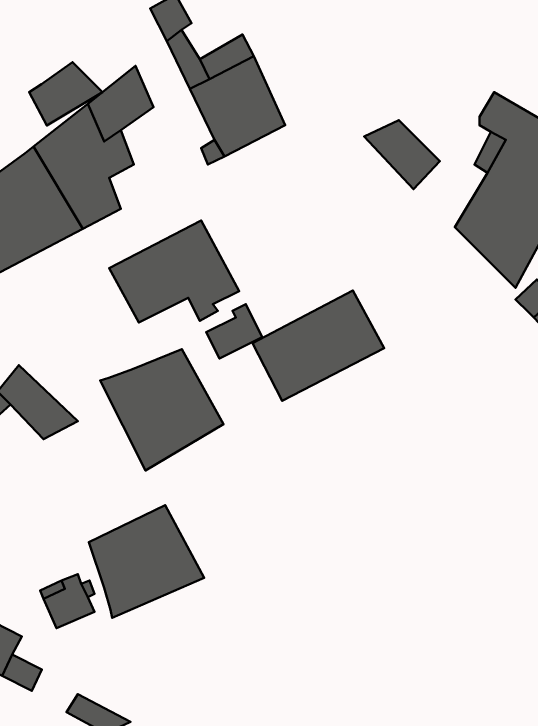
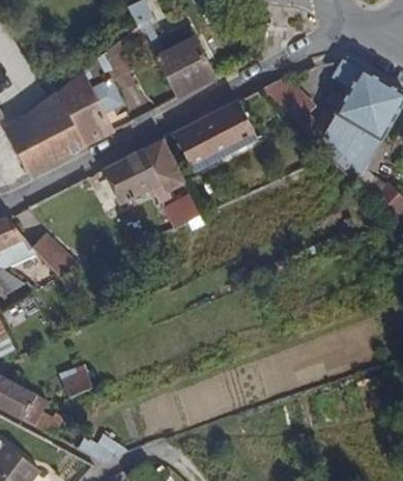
building: [29,62,102,125] -> none
building: [252,291,384,401] -> [175,101,258,170]
building: [100,349,224,471] -> none
building: [89,505,204,618] -> none

